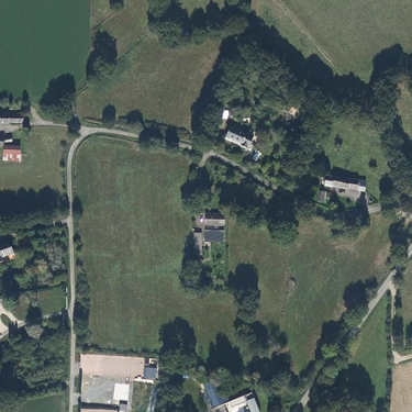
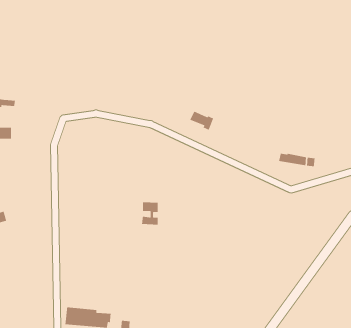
building: [204,214,224,242] -> [141,201,158,225]

